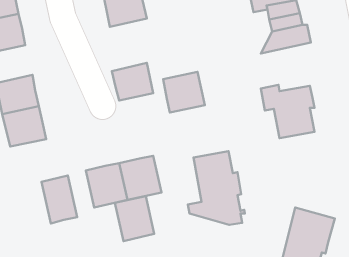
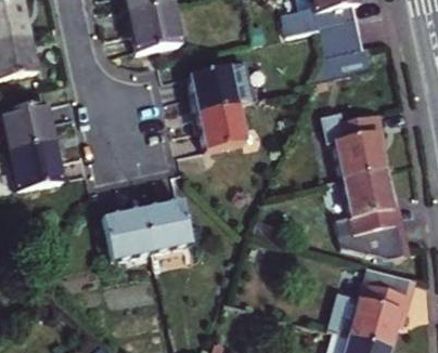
building: [112,63,153,101] -> [192,65,241,109]
building: [188,151,245,225] -> [331,171,398,258]
building: [42,175,77,224] -> none
building: [115,196,154,241] -> none

